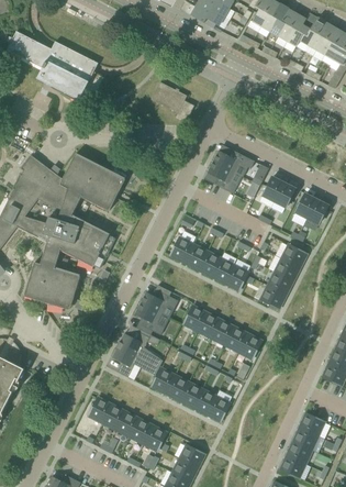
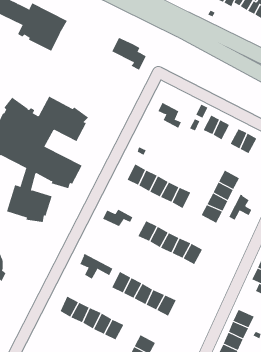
building: [213,150,255,173] -> none
building: none -> [228,194,252,221]
building: [135,303,165,335] -> none
building: [119,333,157,364] -> none

